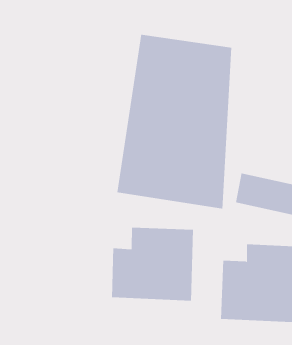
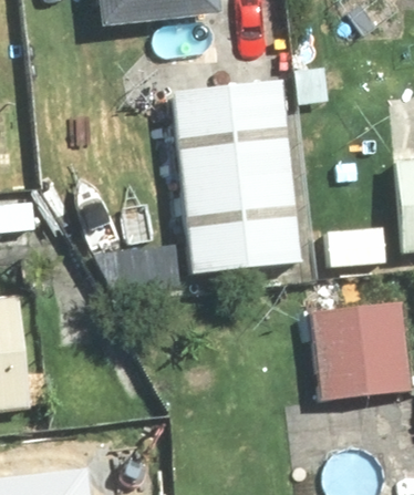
building: [112,227,193,302] -> none

